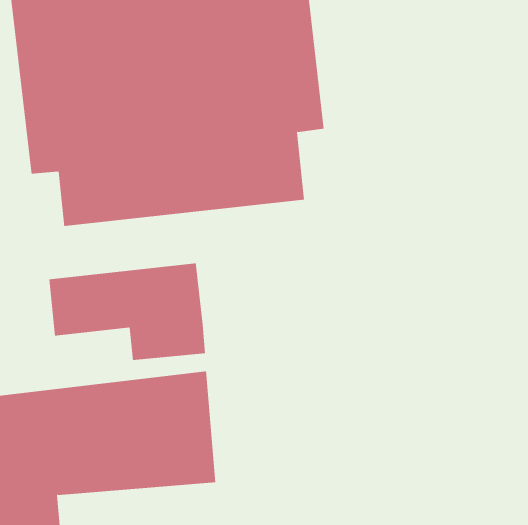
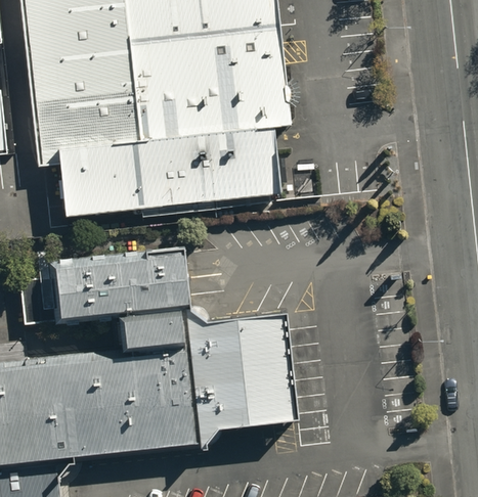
building: none -> [188,303,287,442]

